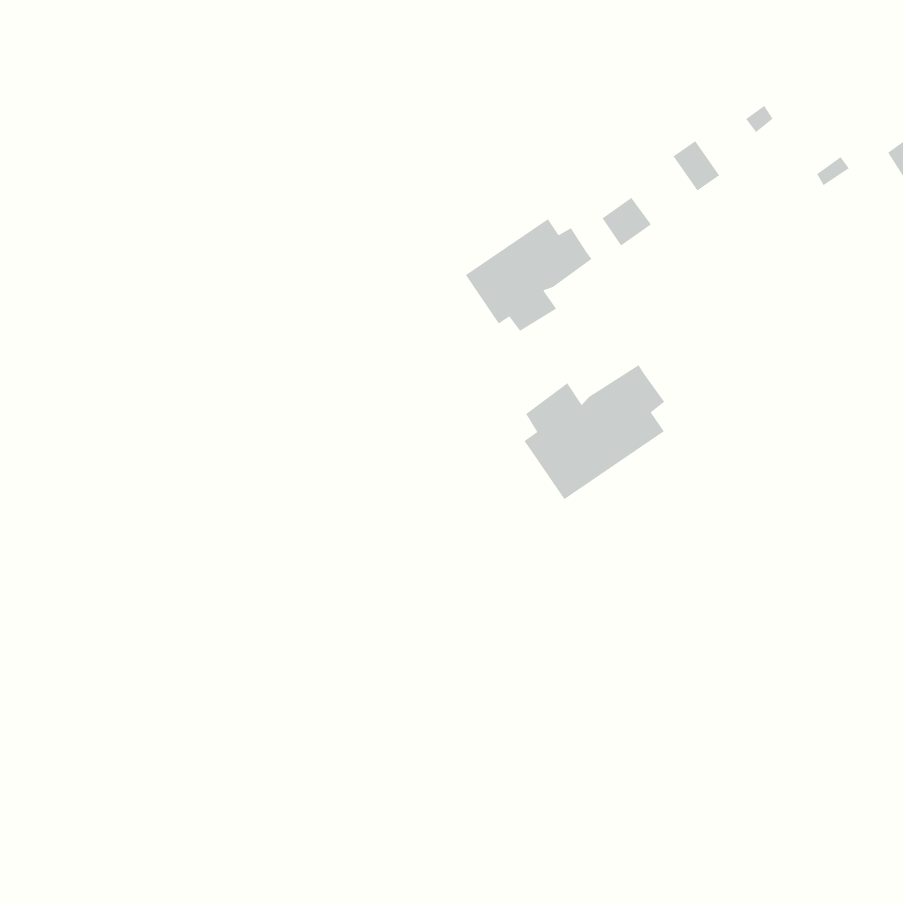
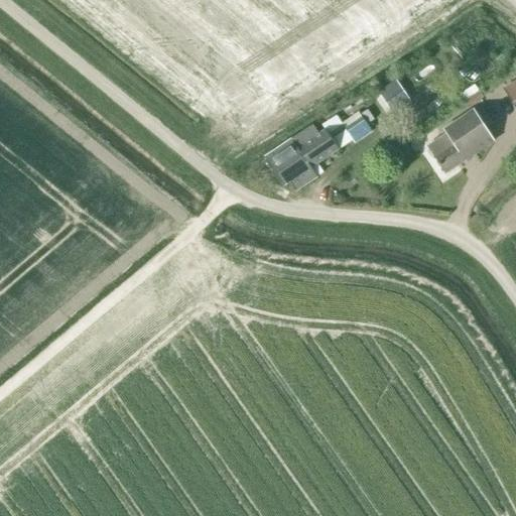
building: none -> [429,110,494,171]
building: [524,364,665,500] -> none

